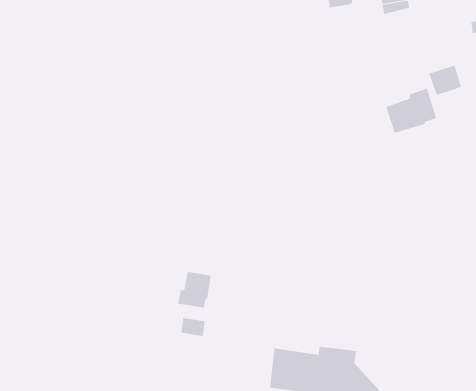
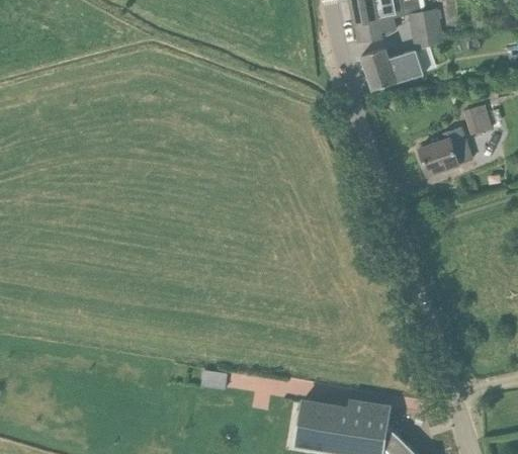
building: none -> [362,49,424,90]
building: [177,271,211,309] -> none

